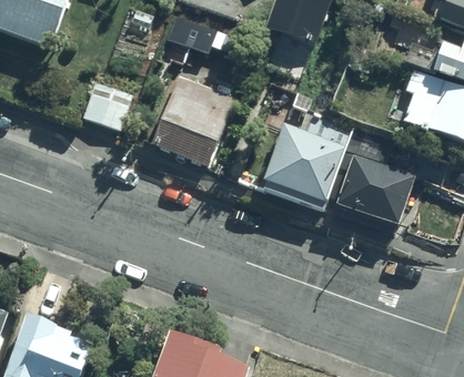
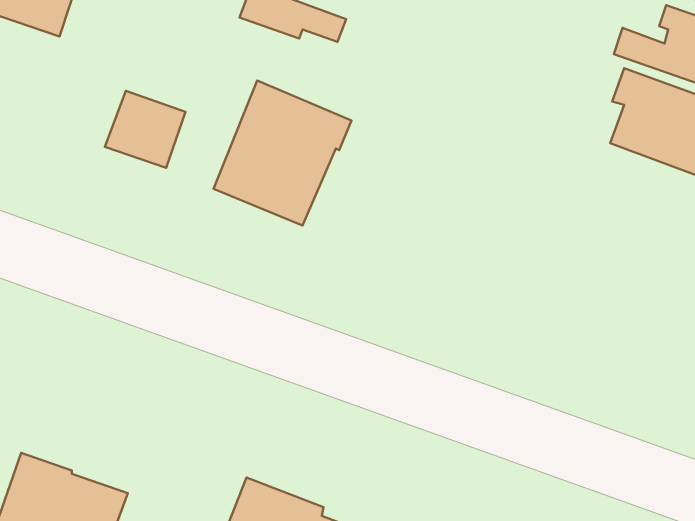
building: [261,114,347,203] -> none
building: [334,154,414,226] -> none

